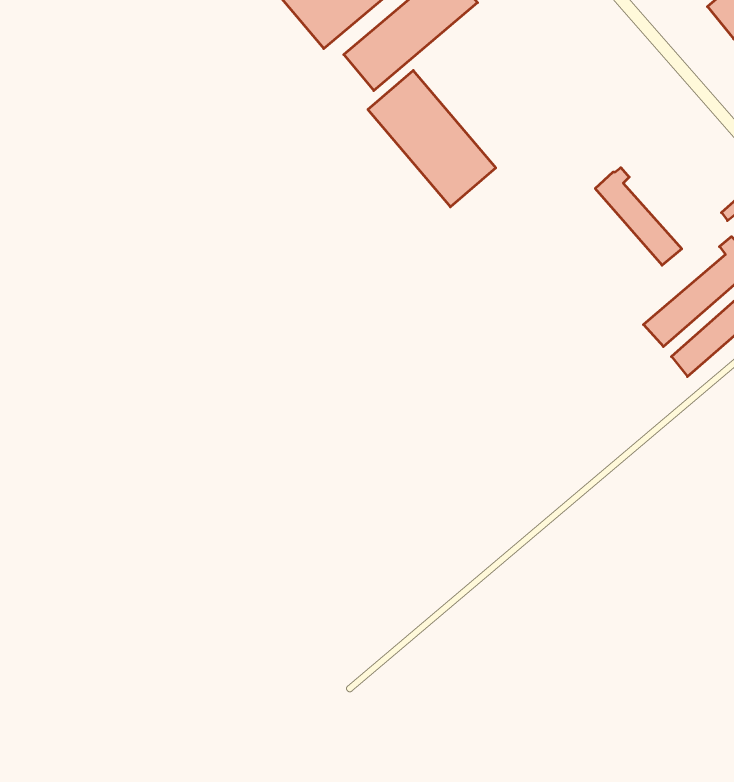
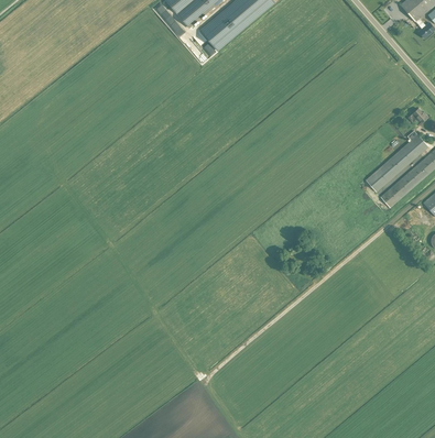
building: [368,70,496,207] -> none
building: [595,168,682,265] -> none

